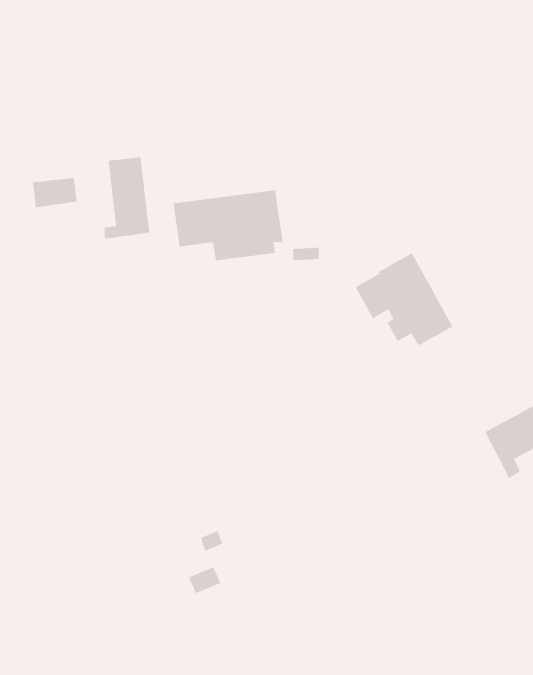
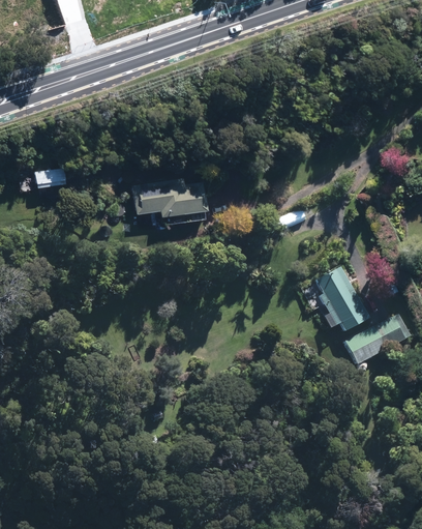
building: [104,157,150,239] -> none
building: [355,252,453,346] -> [301,268,368,332]

